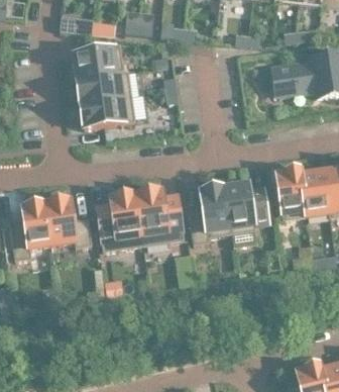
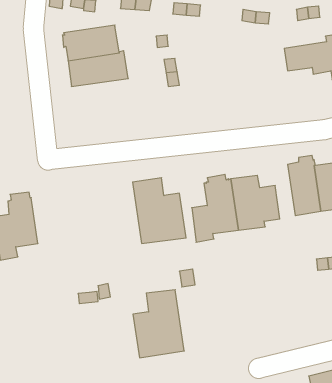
building: [80,94,134,126] -> none
building: [97,188,143,250] -> [133,290,184,358]
building: [43,198,91,244] -> none

